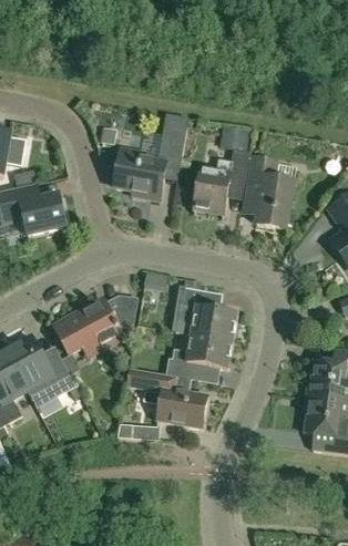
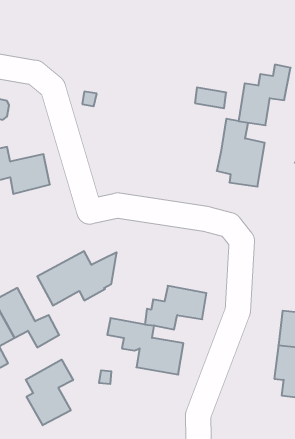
building: [114,113,187,198] -> none
building: [194,148,249,213] -> [238,65,291,125]
building: [173,287,237,341] -> none
building: none -> [26,360,73,425]

